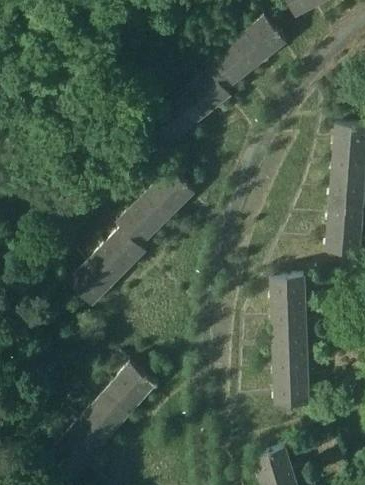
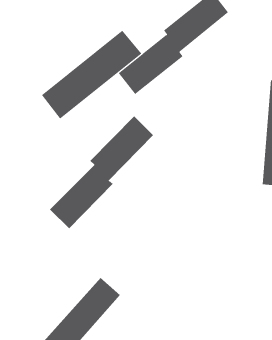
building: none -> [41,30,142,119]
building: [272,275,309,404] -> none

